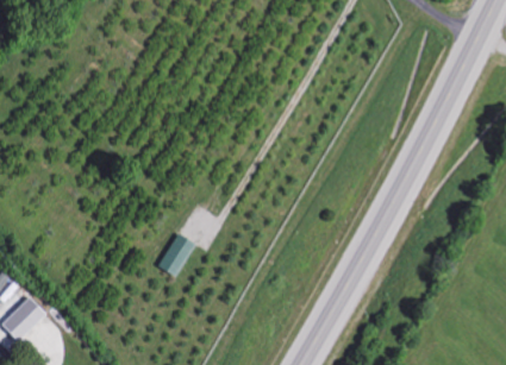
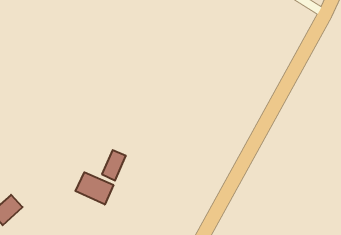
building: none -> [75,172,113,205]

